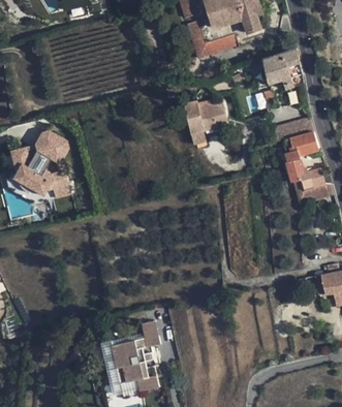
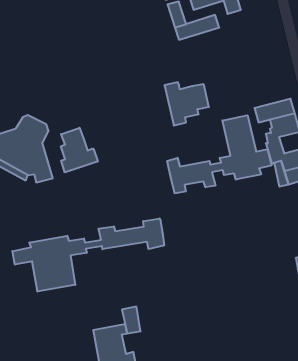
building: [261,46,303,88] -> none
building: none -> [167,115,271,193]
building: none -> [61,128,98,172]
building: none -> [12,218,164,292]

